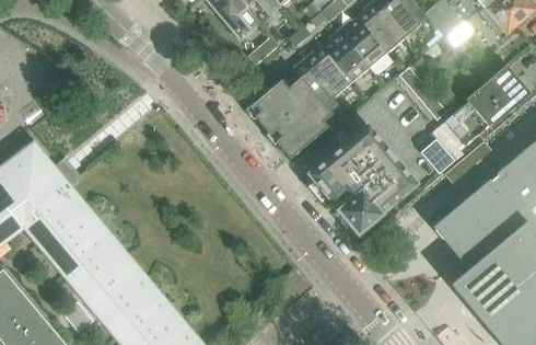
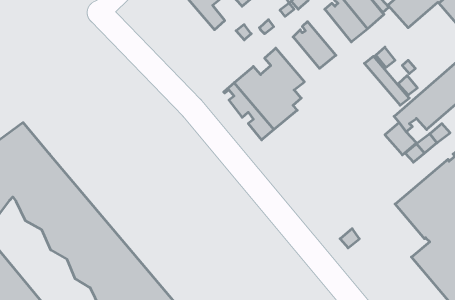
building: [339,18,386,67] -> none
building: [305,47,352,95] -> none
building: [308,124,417,232] -> none

